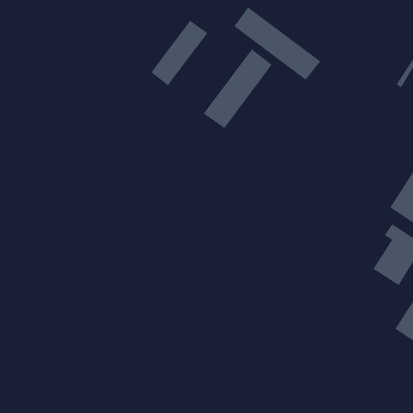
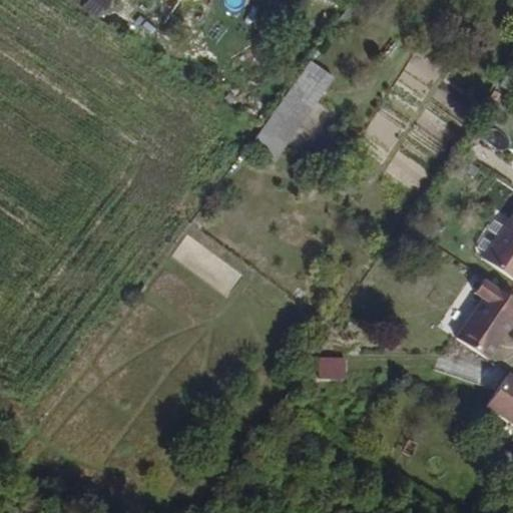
building: [234,7,321,81] -> none
building: [151,20,208,86] -> none

